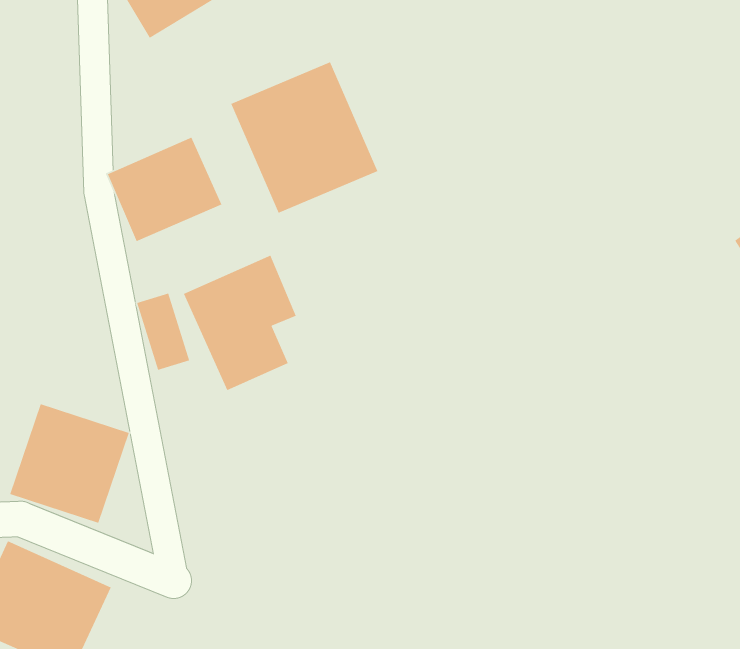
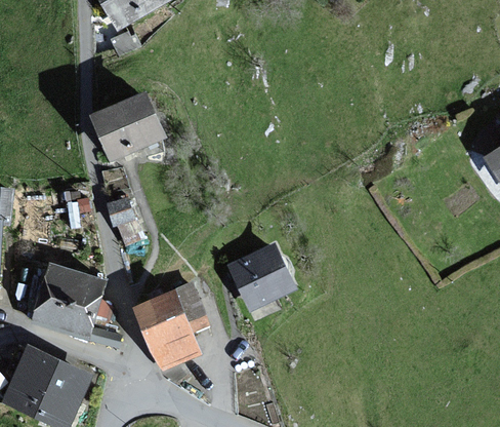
building: [230,61,379,214] -> none
building: [183,254,297,391] -> [133,283,205,370]
building: none -> [227,242,294,308]

